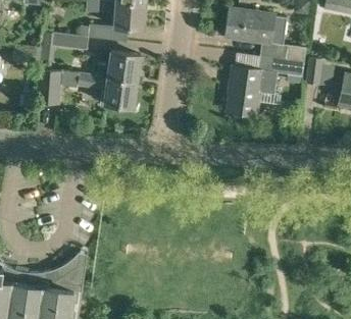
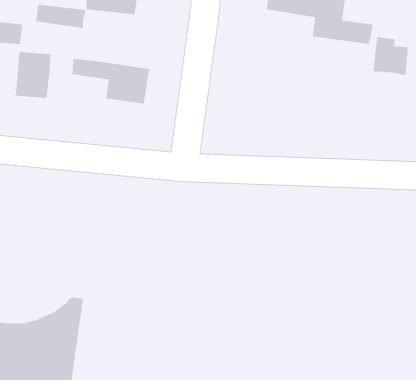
building: [96,51,141,82] -> none
building: [227,57,303,116] -> none

